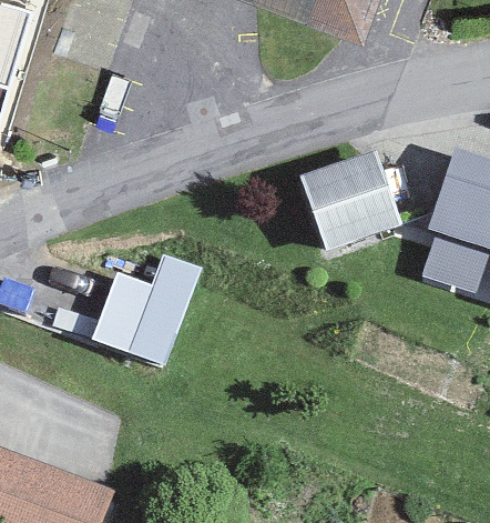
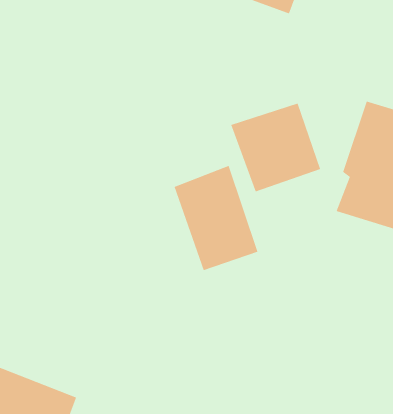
building: none -> [174,165,258,271]
building: [92,255,201,366] -> none

